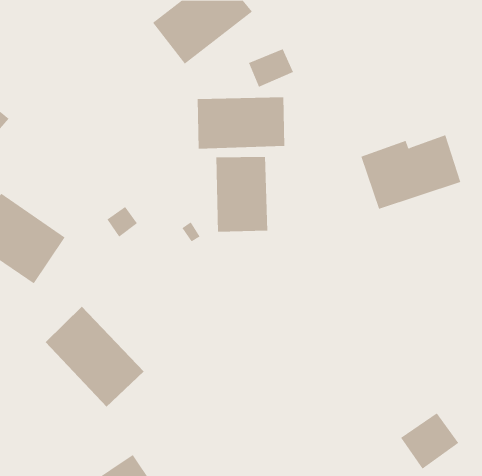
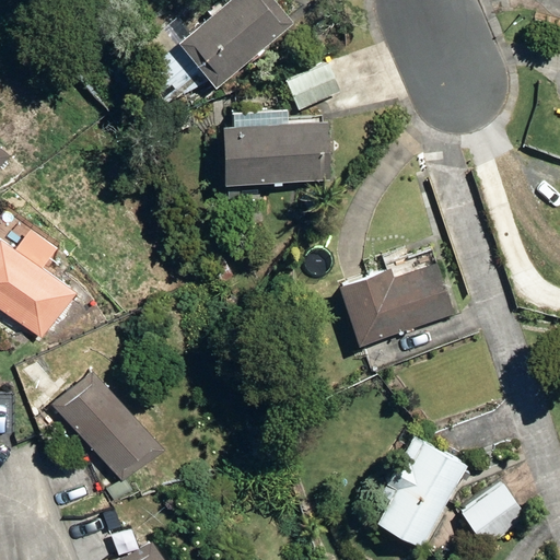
building: [360,135,461,210] -> [338,261,454,348]
building: [216,156,268,232] -> none
building: none -> [375,436,469,546]

